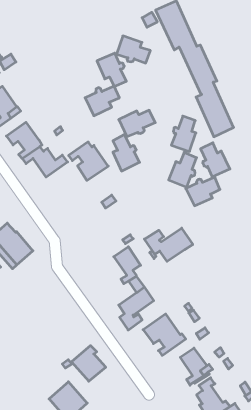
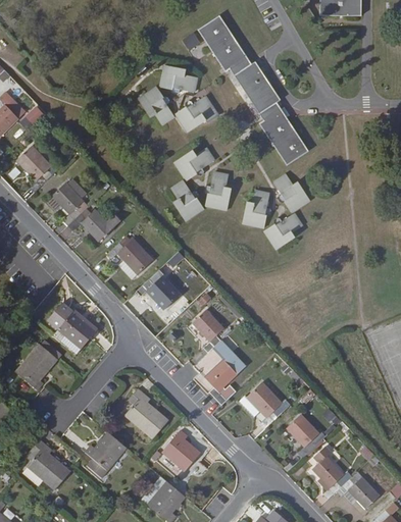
building: [85,86,119,116] -> [174,95,214,133]
building: [171,116,196,151] -> [205,170,232,210]
building: [69,142,108,180] -> [106,234,154,279]
building: none -> [137,267,180,308]
building: [144,228,193,261] -> none
building: none -> [124,387,169,438]
building: none -> [85,430,128,477]

